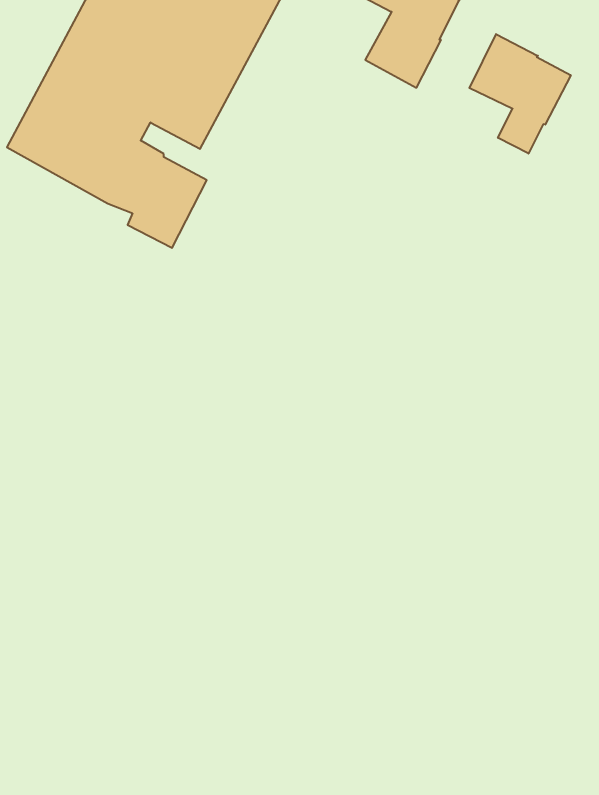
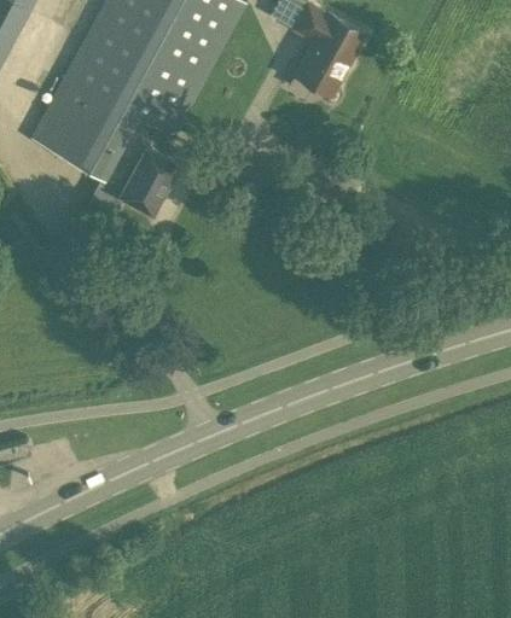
building: [469,34,571,154] -> none

